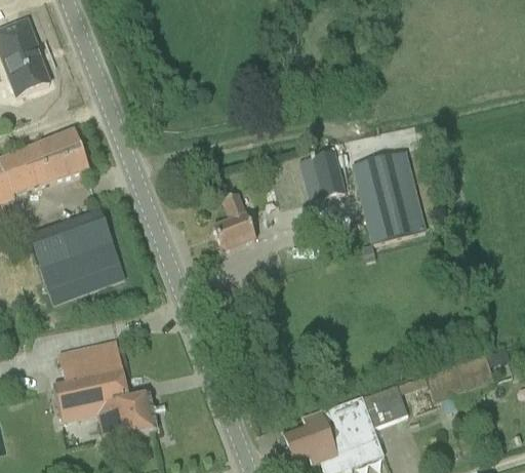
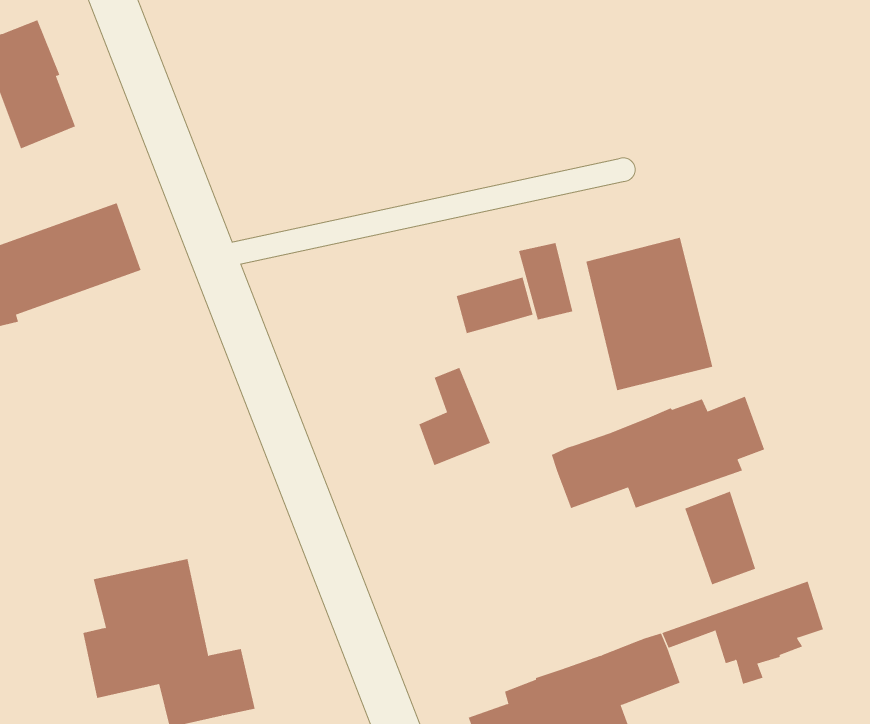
building: [212,193,255,251] -> [418,367,491,466]
building: [30,209,124,304] -> none
building: none -> [551,396,765,509]
building: none -> [685,491,756,585]

